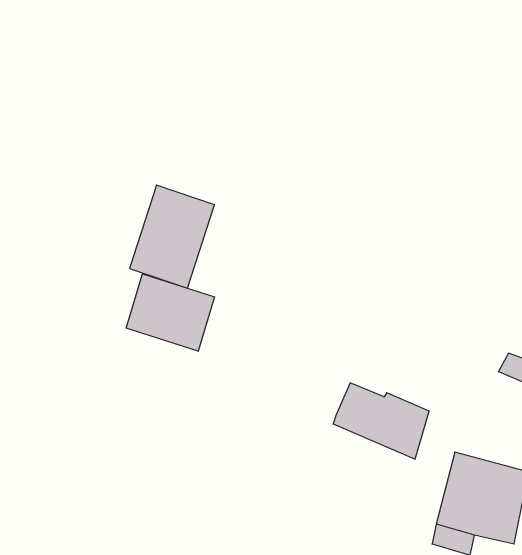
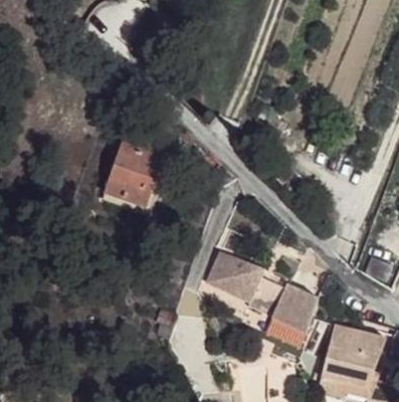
building: [126,274,215,351] -> none
building: none -> [206,251,264,302]

